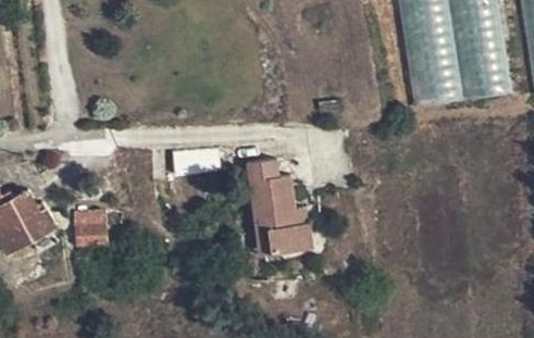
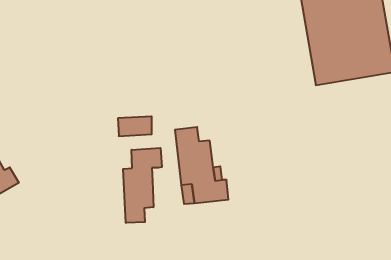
building: none -> [123,148,162,223]
building: [73,210,102,247] -> none

